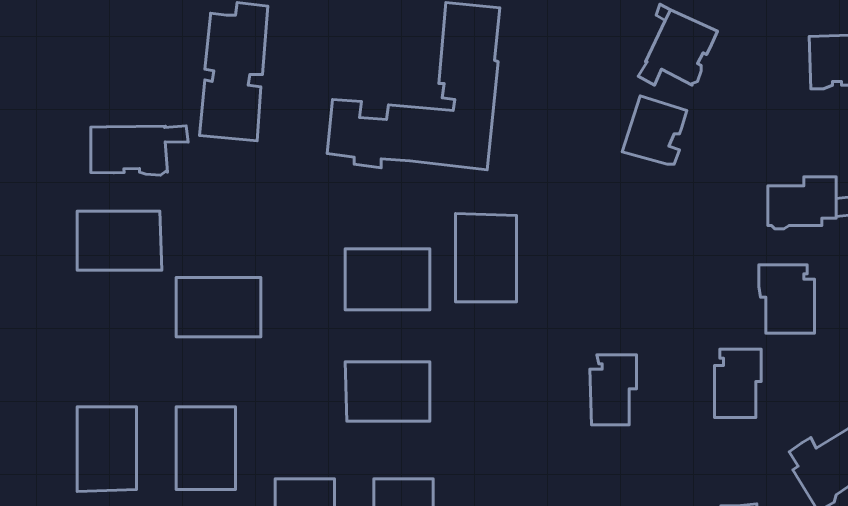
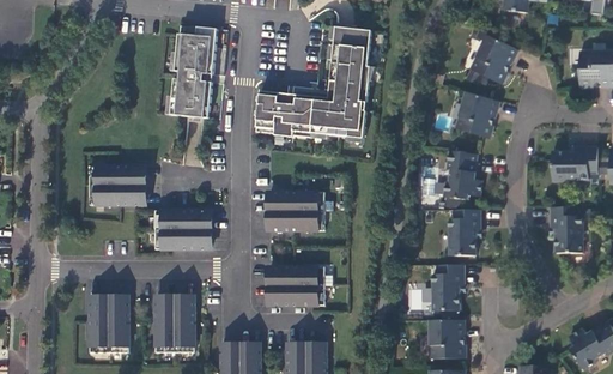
building: [91,126,188,175] -> none
building: none -> [442,150,479,198]
building: [455,214,516,302] -> none
building: [715,349,761,418] -> [447,209,478,254]
building: none -> [427,319,466,360]

